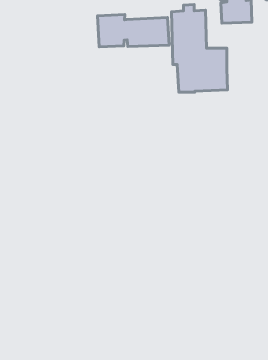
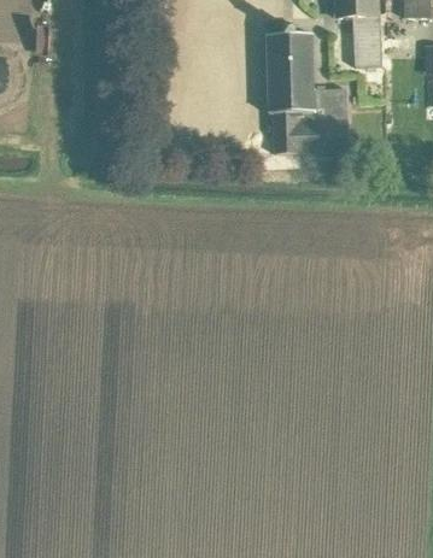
building: [97,15,169,47] -> none

